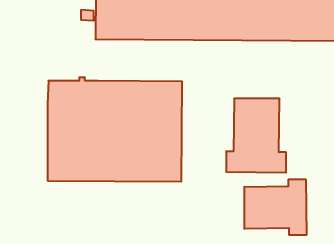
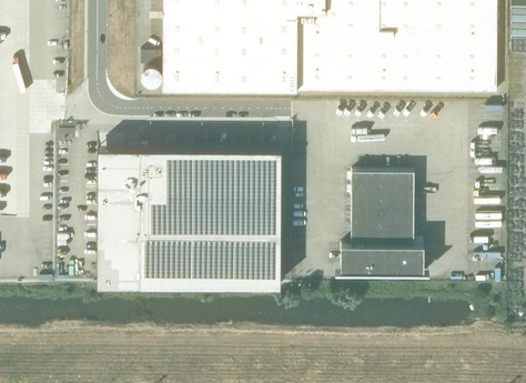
building: [244,179,306,235] -> none

